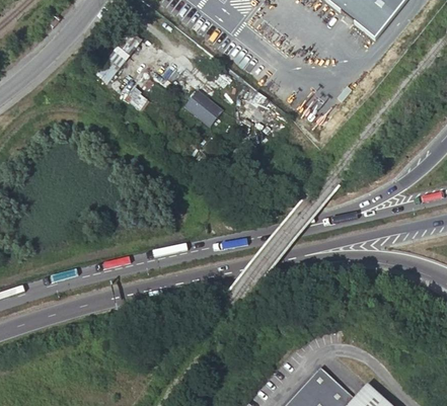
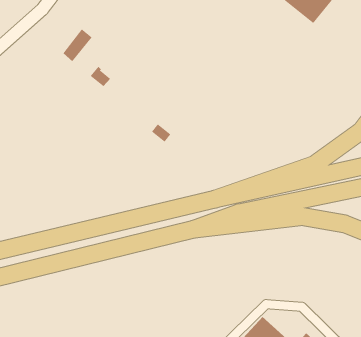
building: [187,88,225,125] -> none

